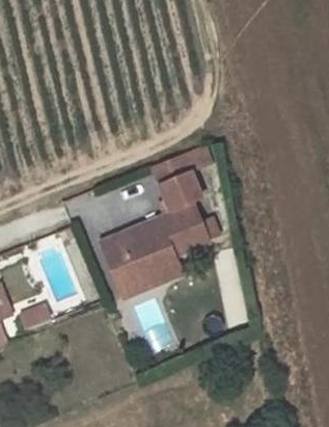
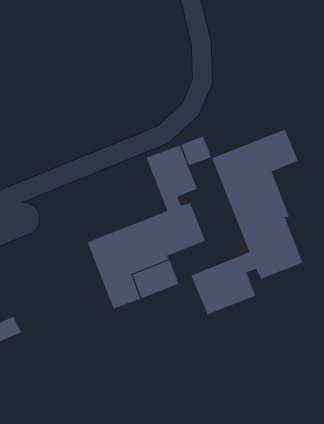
building: none -> [190,129,303,315]

